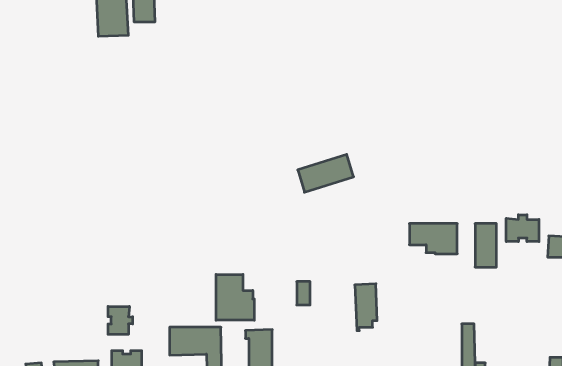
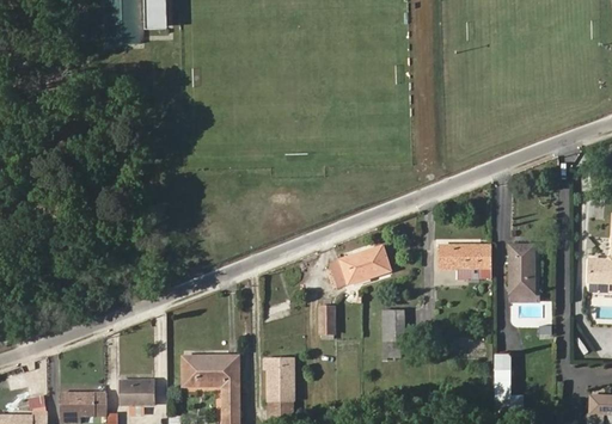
building: [298,154,354,192] -> [330,246,390,287]
building: [506,215,539,242] -> none
building: [216,274,254,320] -> none
building: [108,306,133,334] -> none

